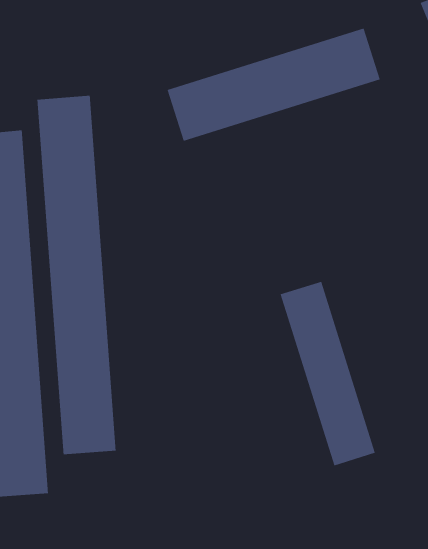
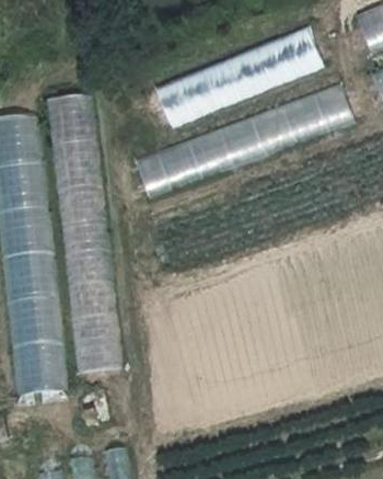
building: none -> [135,88,355,191]
building: [279,281,376,467] -> none

